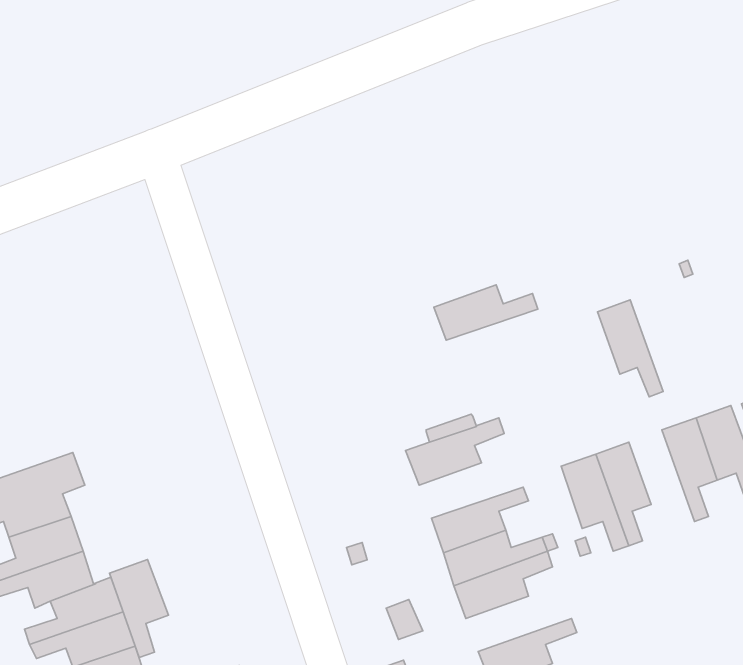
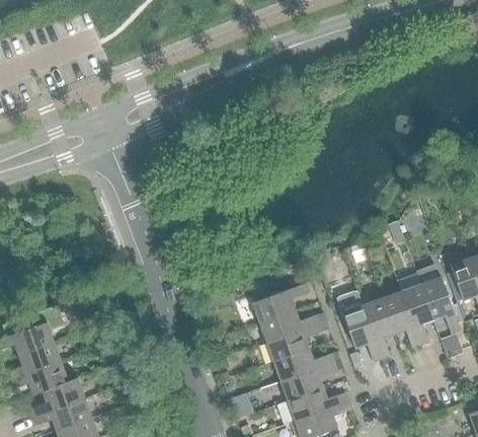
building: [434,285,538,340] -> [258,310,319,343]
building: [597,300,663,397] -> [381,291,419,348]
building: [110,560,168,657] -> none
building: none -> [276,388,347,424]

